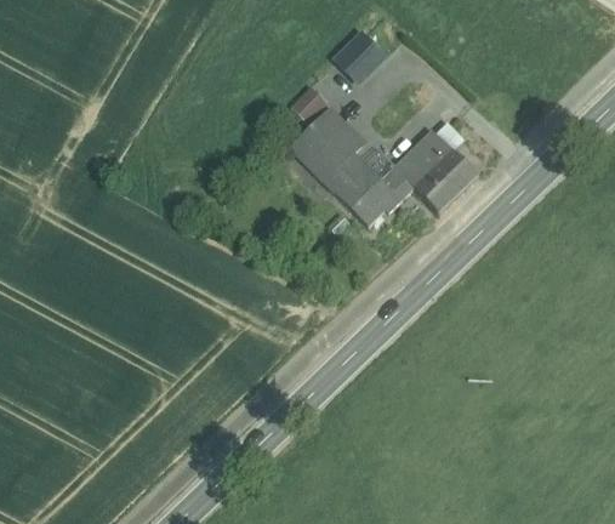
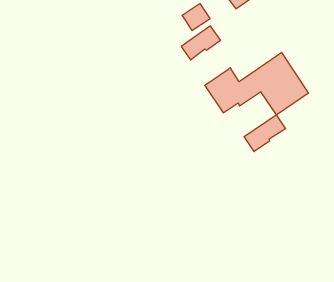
building: [308,126,363,189] -> none
building: none -> [244,115,286,152]

